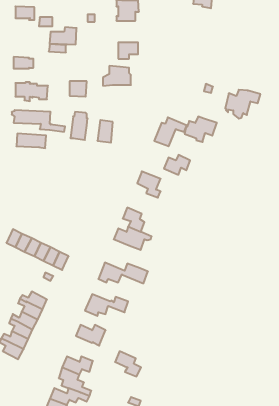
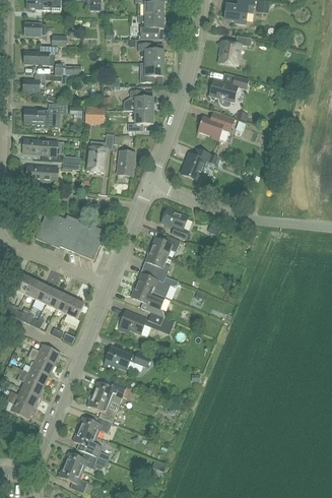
building: none -> [218,35,251,64]
building: none -> [138,42,162,62]
building: [50,27,77,44] -> [23,45,54,64]
building: none -> [128,110,154,131]
building: [225,90,260,119] -> [209,73,249,106]
building: [185,117,217,142] -> [198,110,235,138]
building: [164,155,190,175] -> [150,233,180,255]
building: none -> [36,209,106,258]
building: none -> [131,284,165,316]
building: [115,351,141,376] -> [87,392,117,421]

